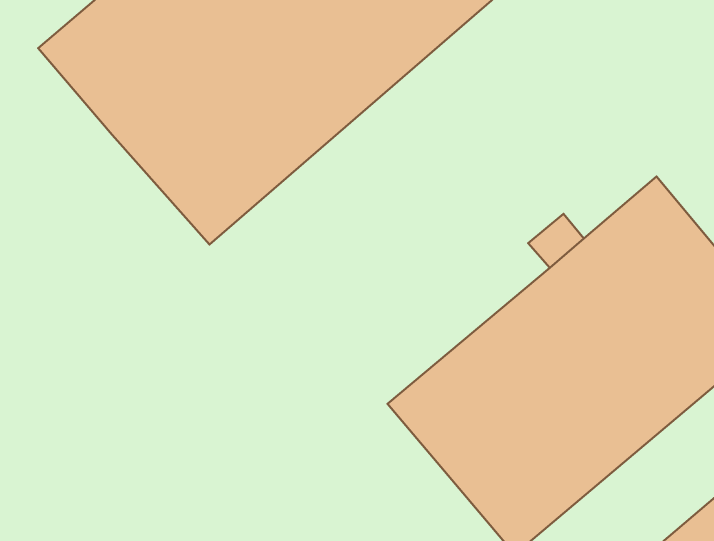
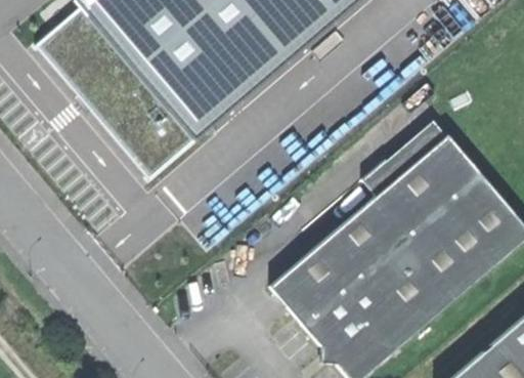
building: none -> [386,118,447,174]

